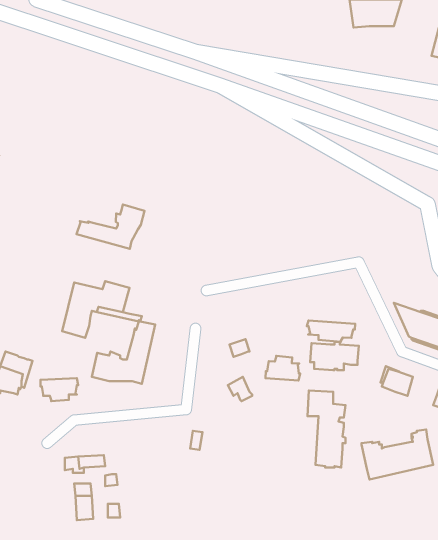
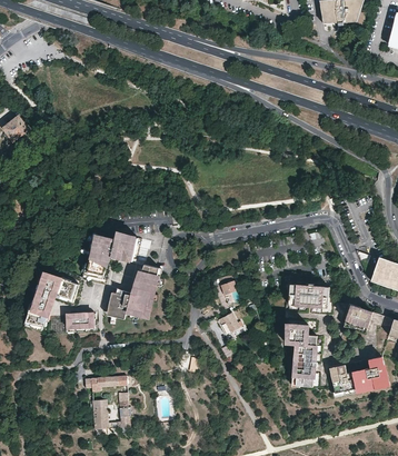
building: [77,205,145,249] -> none
building: [307,320,355,342] -> none
building: none -> [36,271,79,303]
building: [266,356,300,381] -> none

